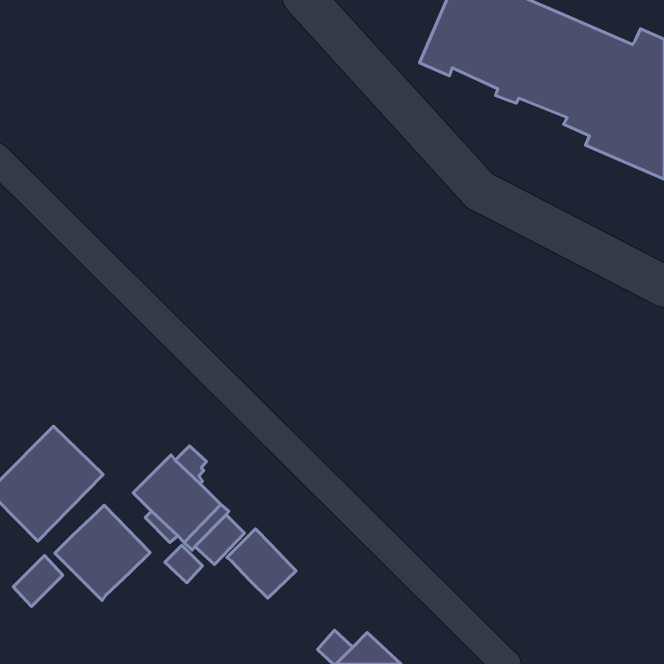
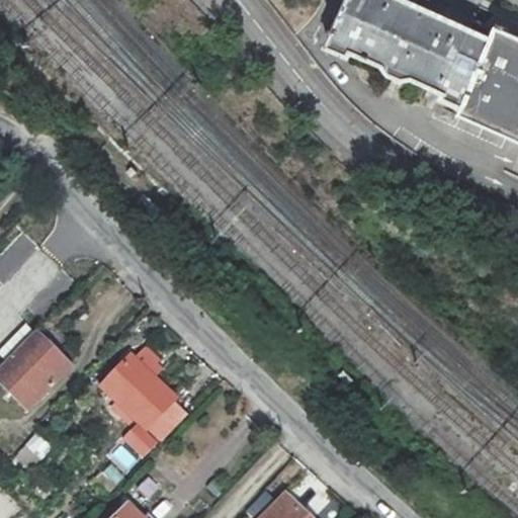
building: [55,505,150,600] -> none
building: [227,529,296,598] -> none

